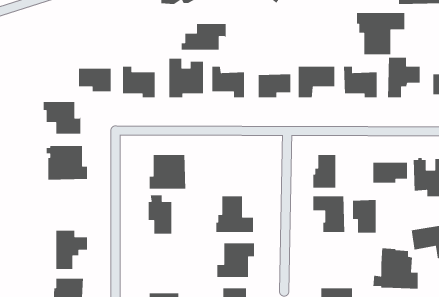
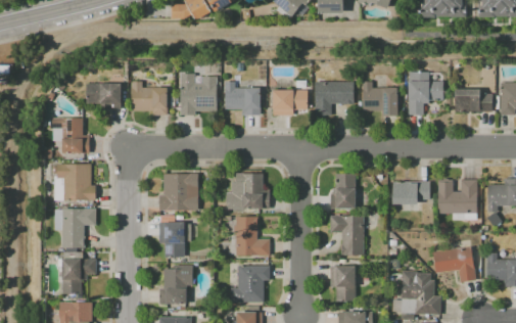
building: [356,12,405,55] -> none
building: [181,23,227,51] -> none
building: none -> [226,174,269,210]
building: none -> [54,210,95,248]
building: [352,199,377,234] -> [330,266,356,302]
building: none -> [159,266,192,305]

